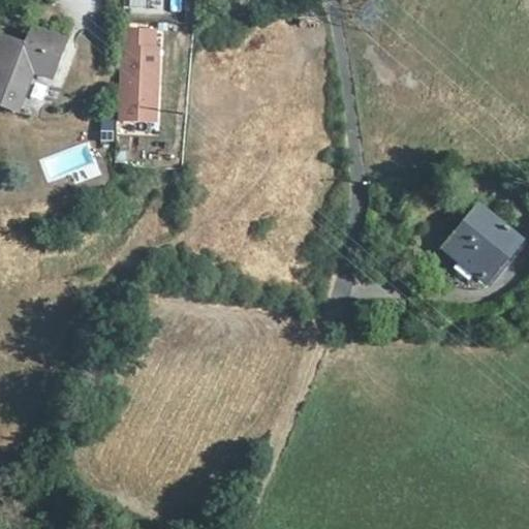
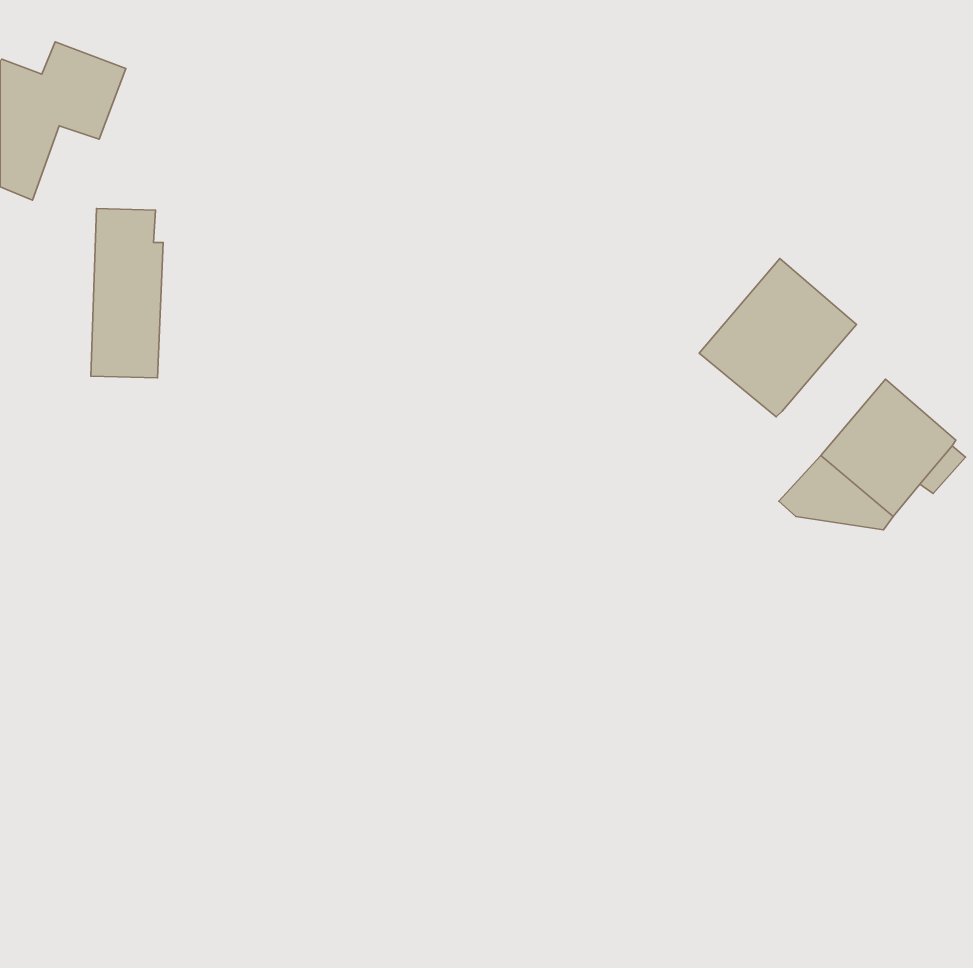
building: [121,28,160,120] -> [91,208,163,378]
building: none -> [699,258,857,417]

